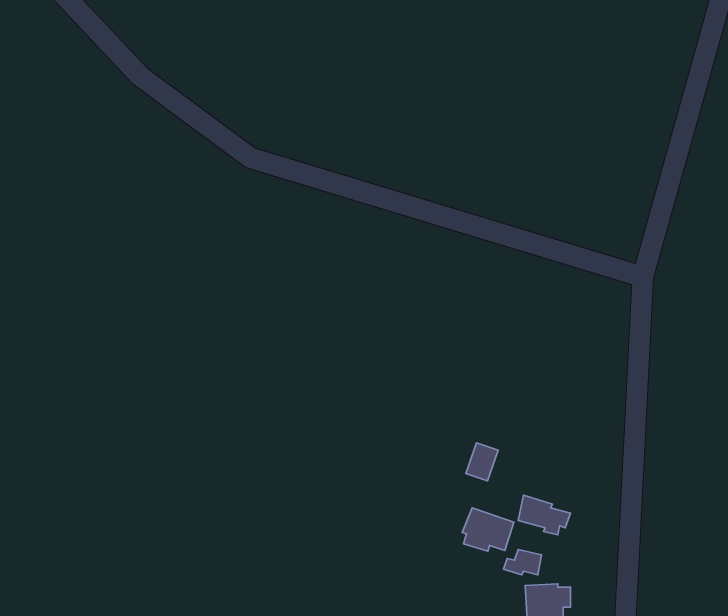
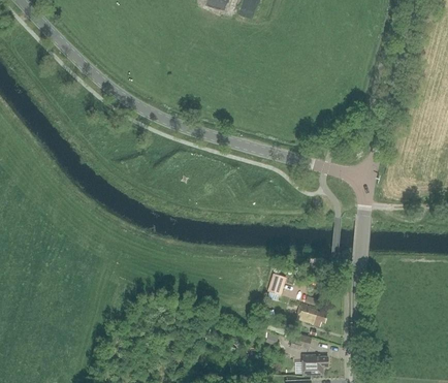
building: [462,508,514,551] -> none

